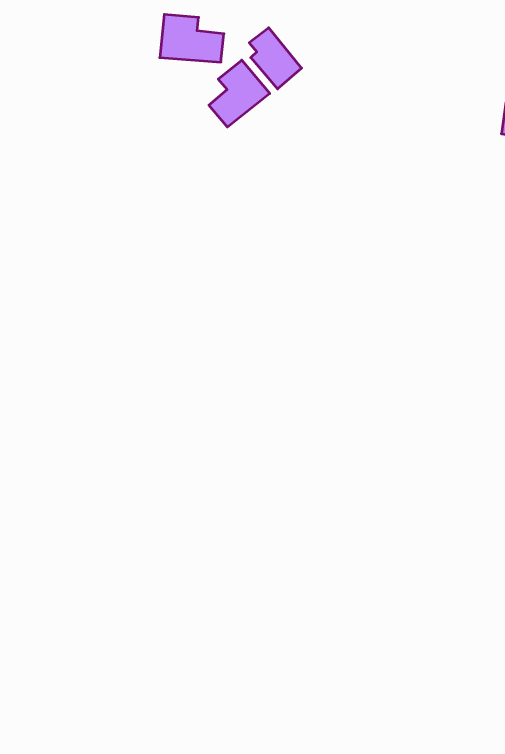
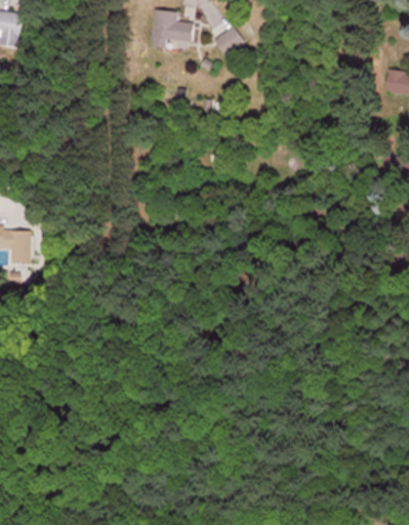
building: [209,60,270,127] -> none

